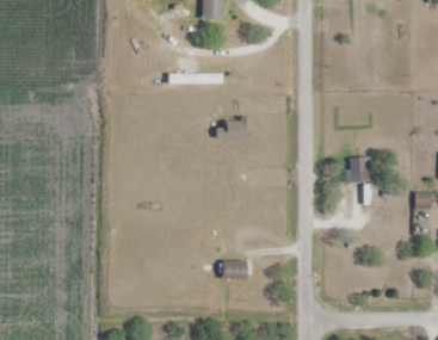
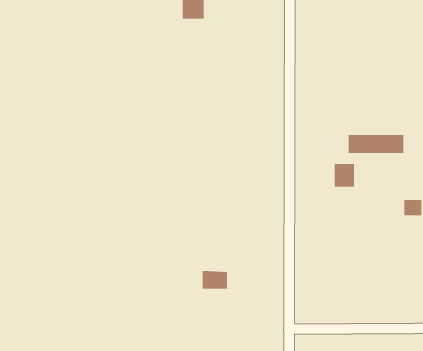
building: none -> [348,134,404,154]

